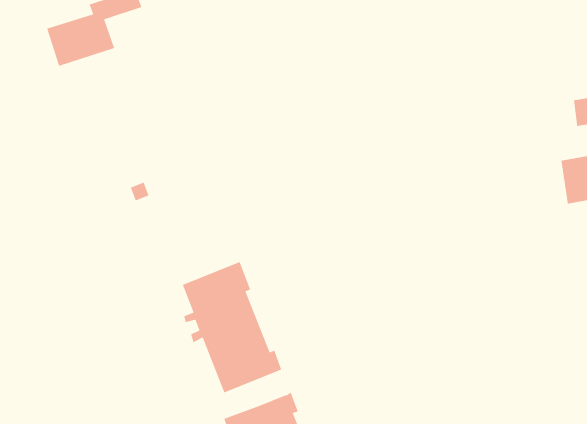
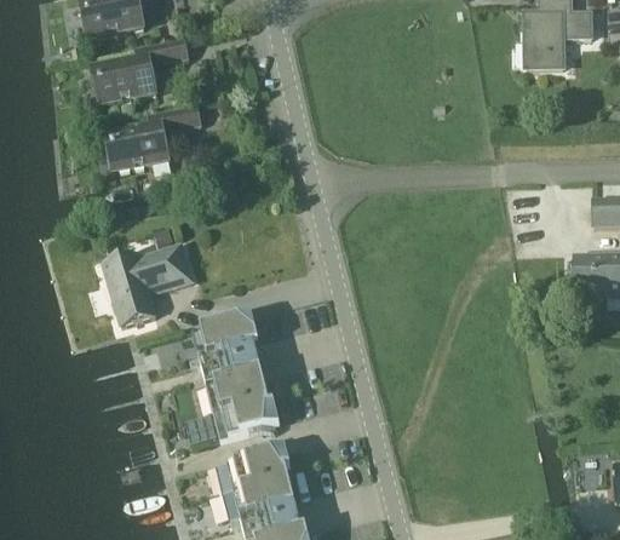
building: none -> [104,104,200,170]
building: none -> [103,242,191,323]

